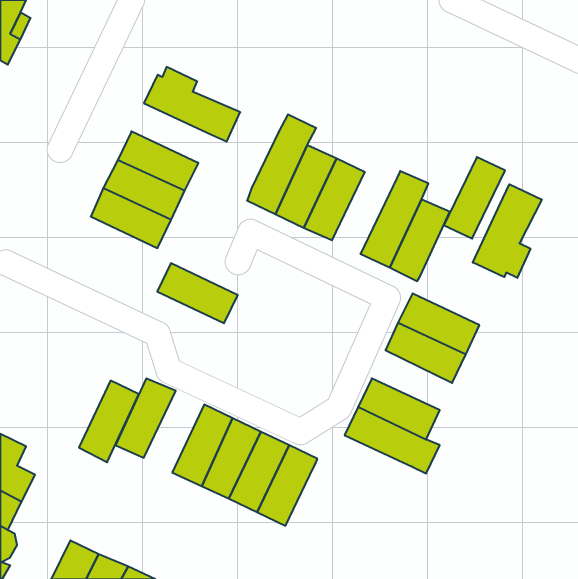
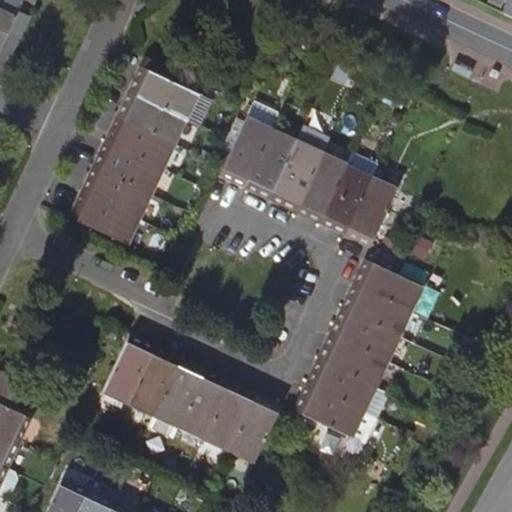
building: none -> [117,91,188,144]
building: [444,157,505,239] -> [294,152,348,224]
building: [473,184,542,278] -> none
building: [157,263,238,323] -> [69,191,140,244]
building: none -> [329,309,400,362]
building: [79,381,139,462] -> [128,345,181,417]
building: none -> [294,384,377,442]

